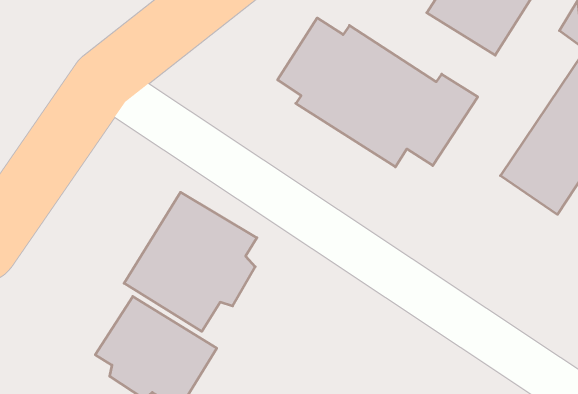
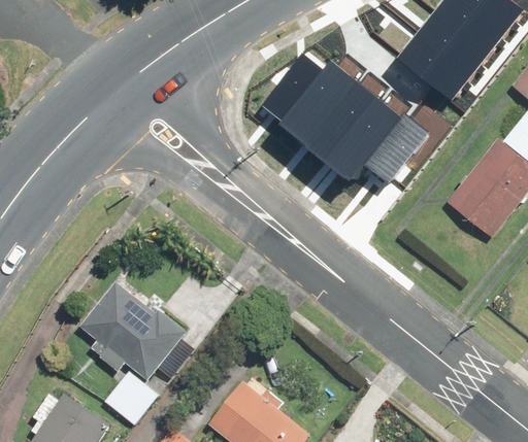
building: [124,192,257,331] -> none

